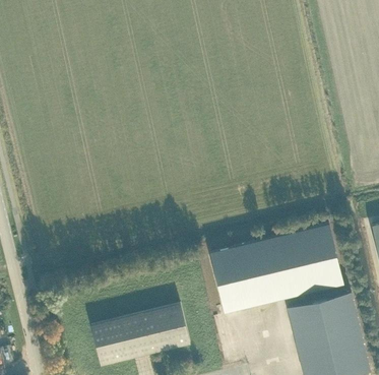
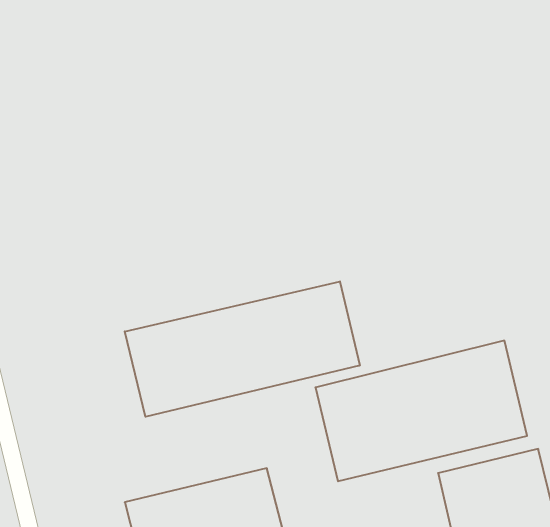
building: none -> [125,281,360,417]

